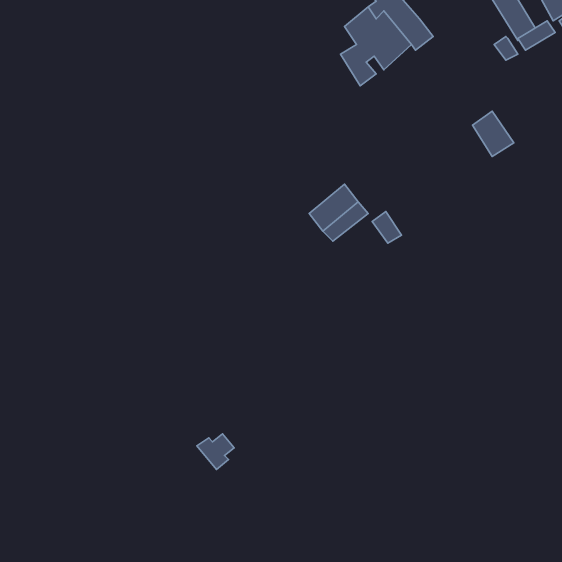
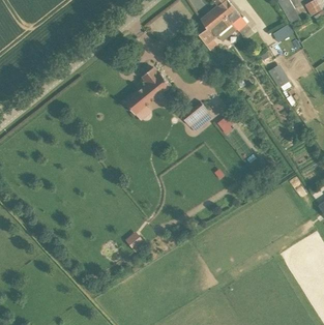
building: none -> [126,68,172,116]

